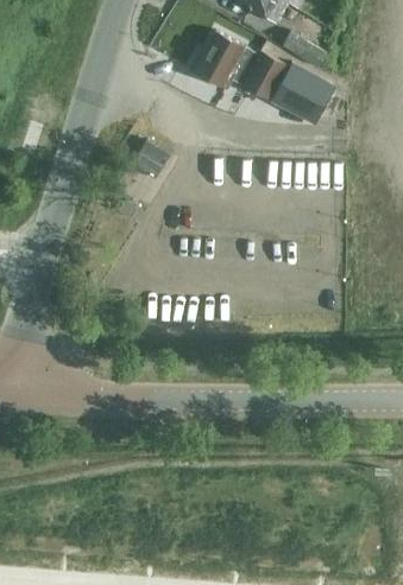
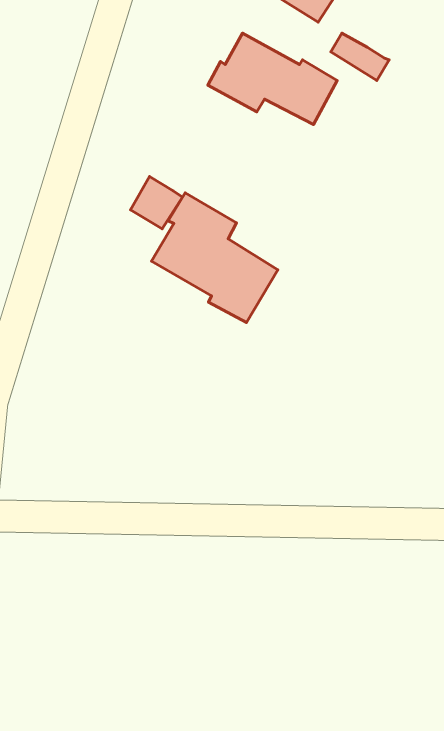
building: [270,62,335,125] -> none
building: none -> [152,193,278,322]

